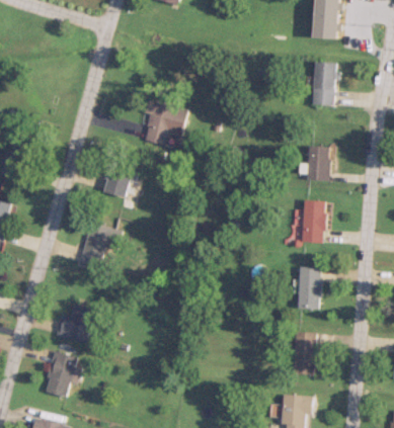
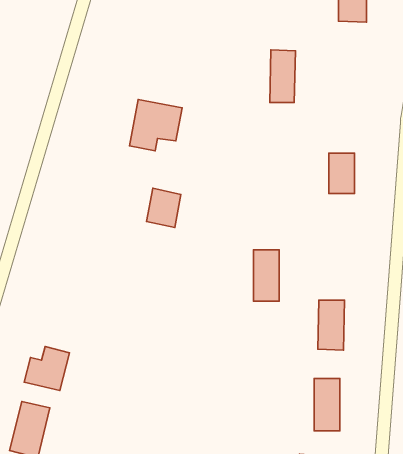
building: [313,61,334,104] -> [270,50,295,102]
building: [101,164,130,196] -> [147,188,181,227]
building: [303,200,324,243] -> [253,250,279,301]
building: [79,223,119,267] -> none

